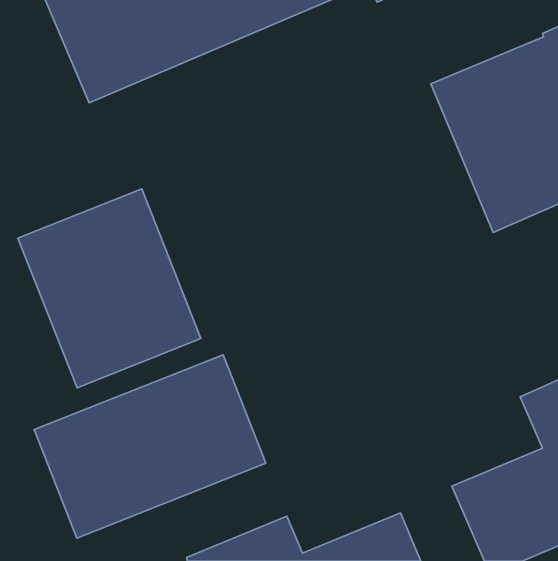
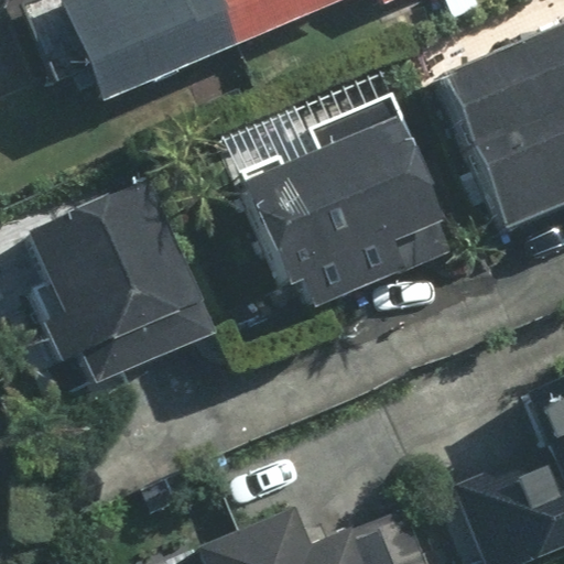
building: none -> [246,124,436,313]
building: [34,355,266,538] -> none

